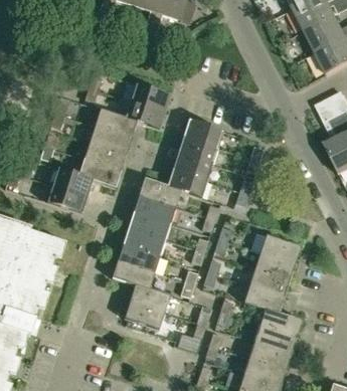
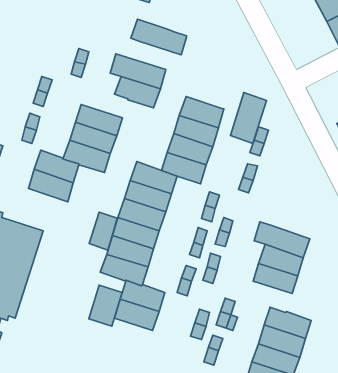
building: [86,106,137,138] -> [131,19,187,55]
building: none -> [230,93,266,143]
building: none -> [89,212,117,250]
building: [243,284,285,313] -> none
building: none -> [89,285,122,326]

